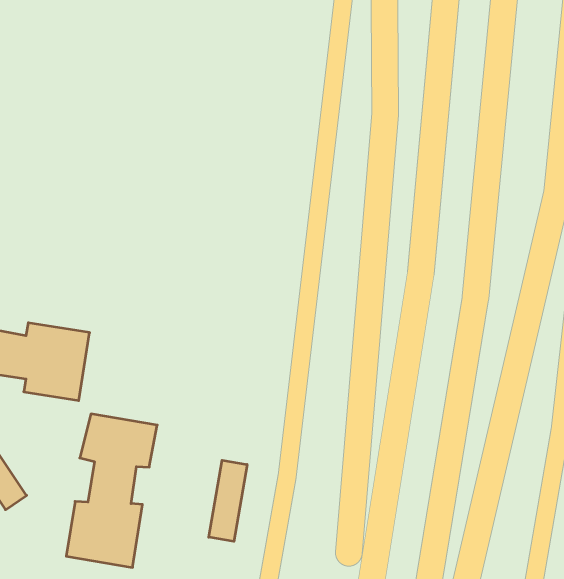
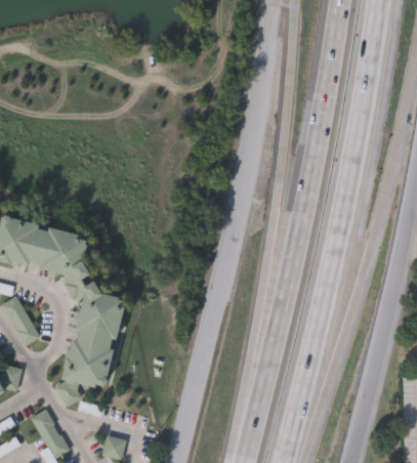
building: [209,460,247,541] -> none

